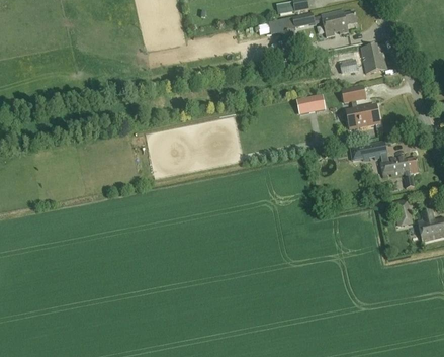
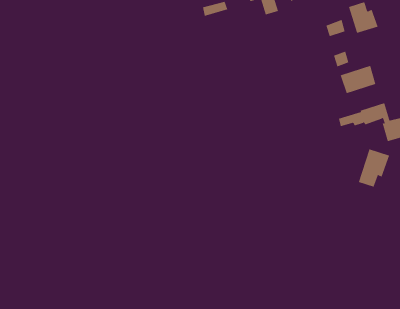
building: [295,95,325,115] -> none
building: none -> [358,149,390,188]

